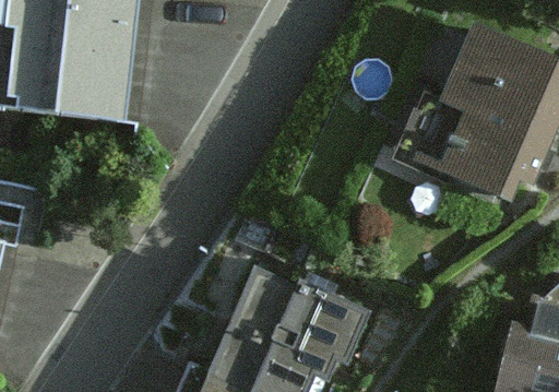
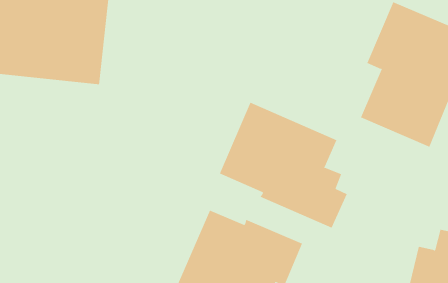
building: none -> [219,102,347,229]

